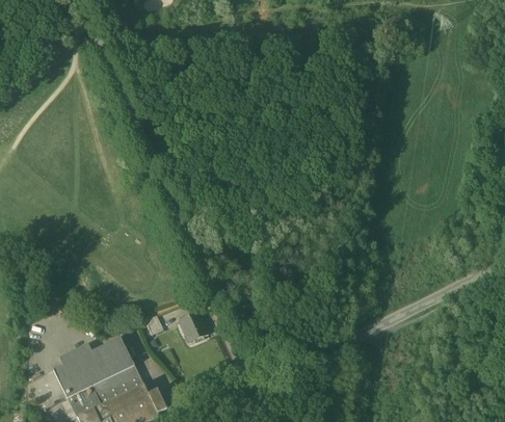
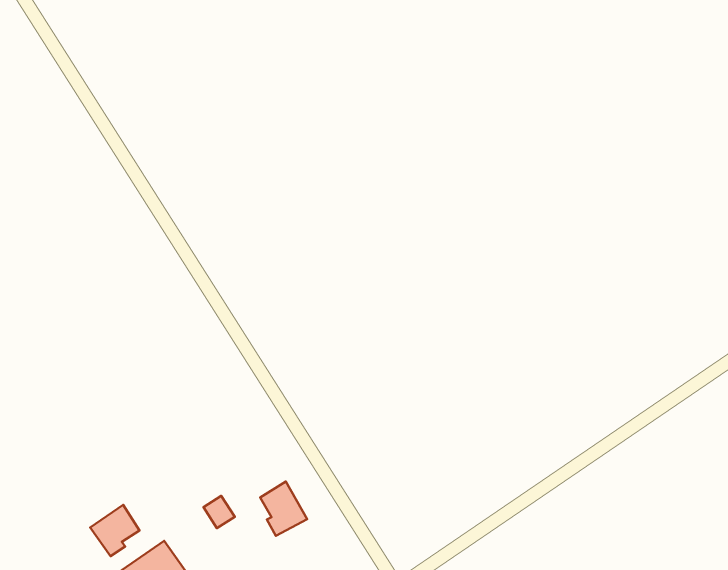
building: none -> [90,505,139,556]

